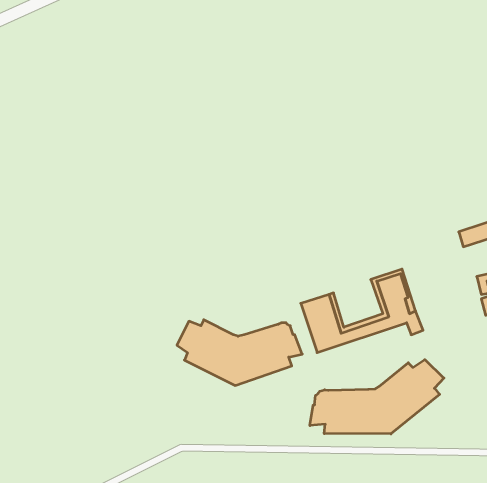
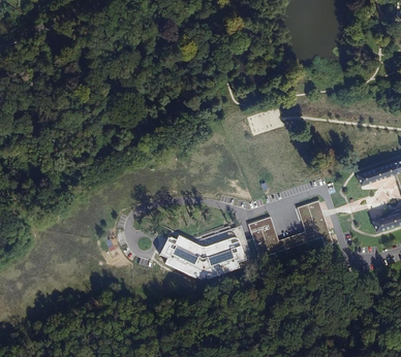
building: [310,360,444,434] -> none

